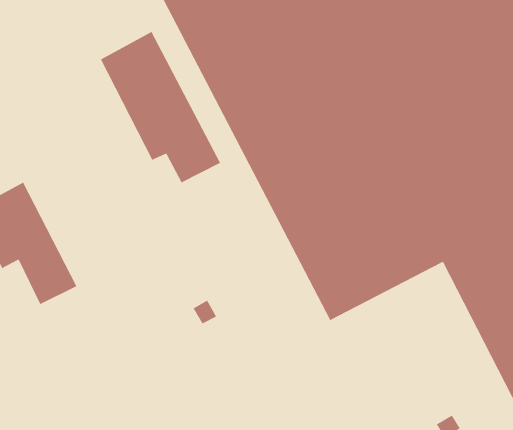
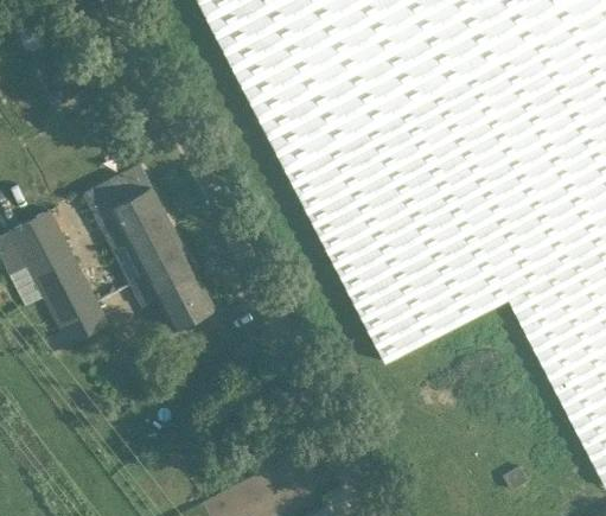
building: [100,31,221,184] -> [82,160,215,327]

